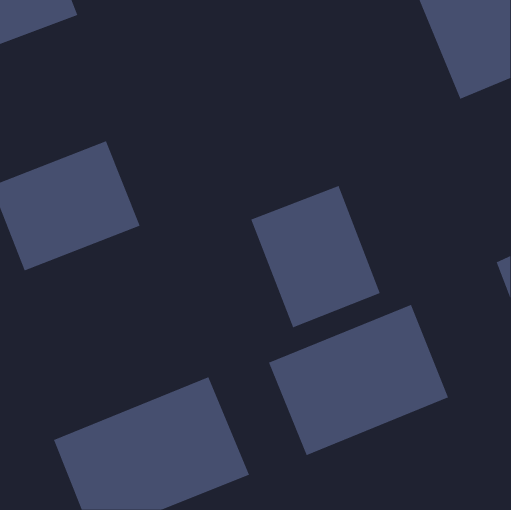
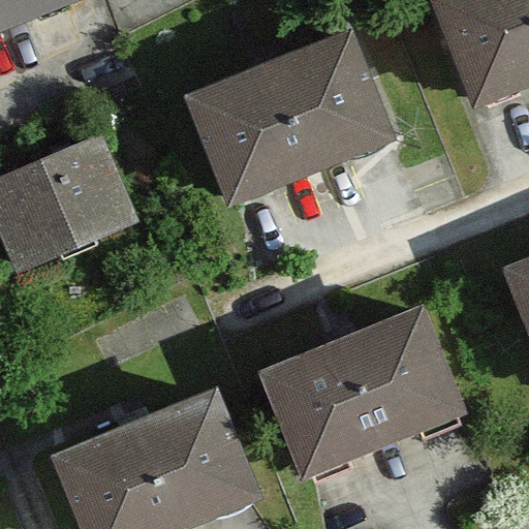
building: none -> [181,35,383,201]
building: [250,185,380,328] -> none

